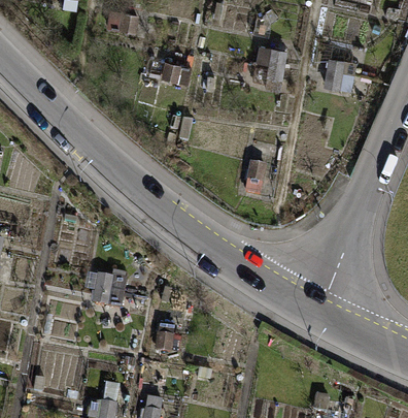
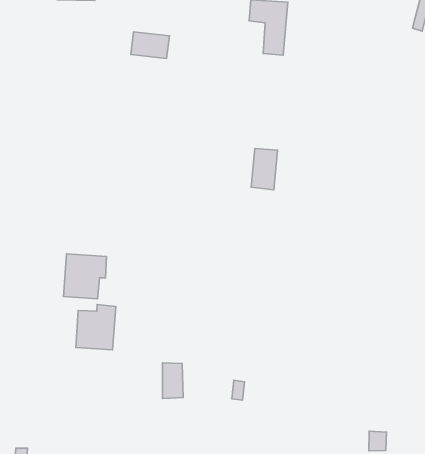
building: [324,55,356,89] -> none
building: none -> [64,254,106,299]

